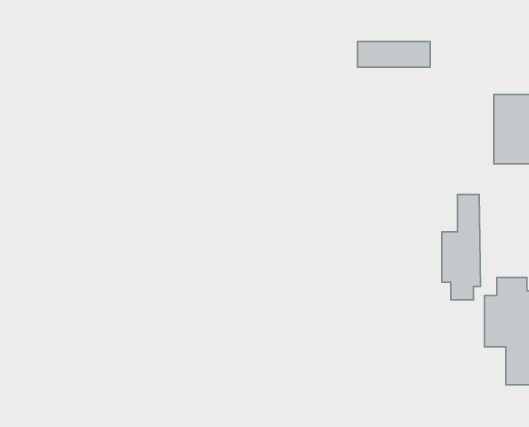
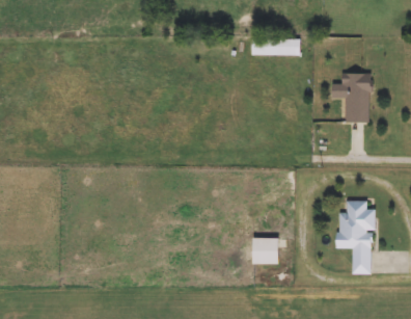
building: [442,195,480,300] -> none
building: none -> [252,238,278,264]

